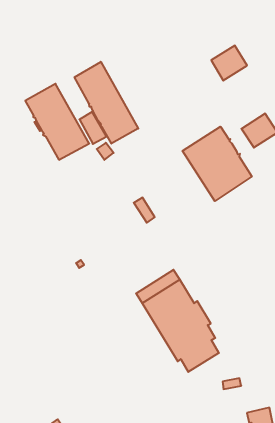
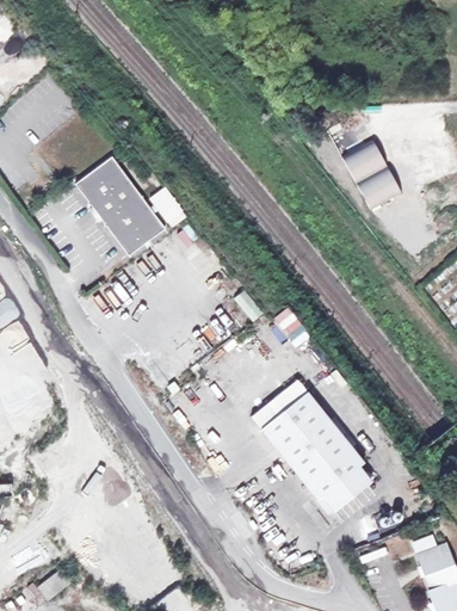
building: [211,46,247,81] -> [342,136,390,184]
building: [75,62,138,144] -> none
building: [183,127,252,201] -> none

